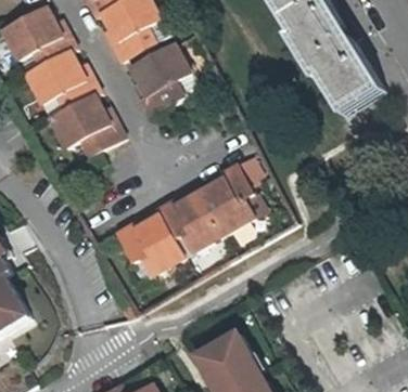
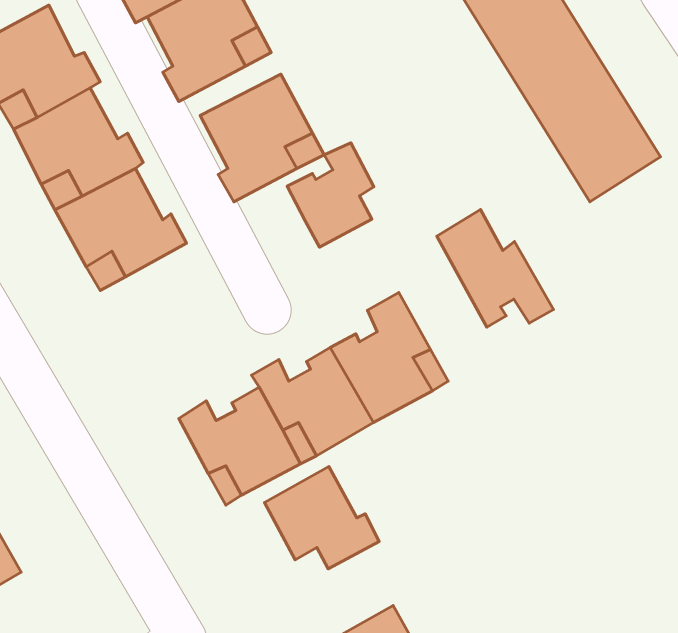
building: none -> [287,143,374,247]
building: none -> [437,210,553,327]
building: none -> [264,466,379,569]

